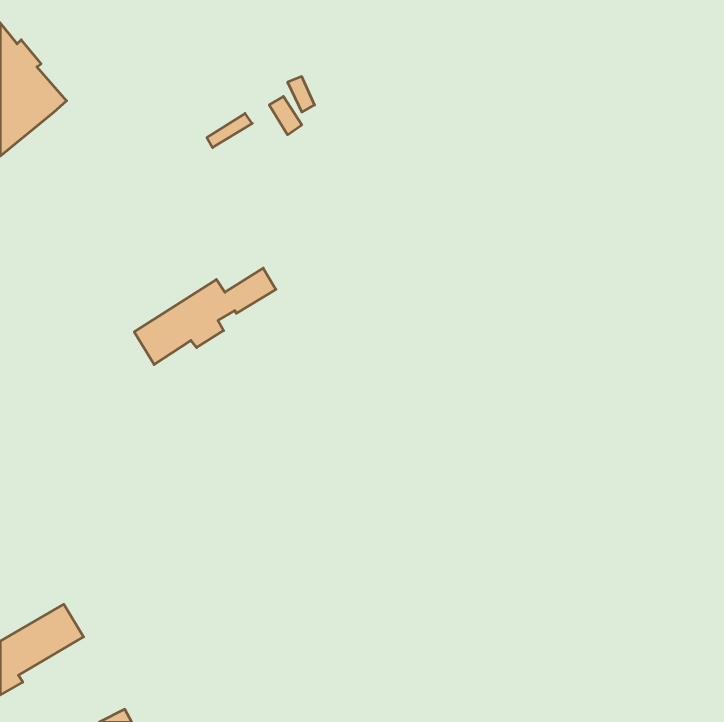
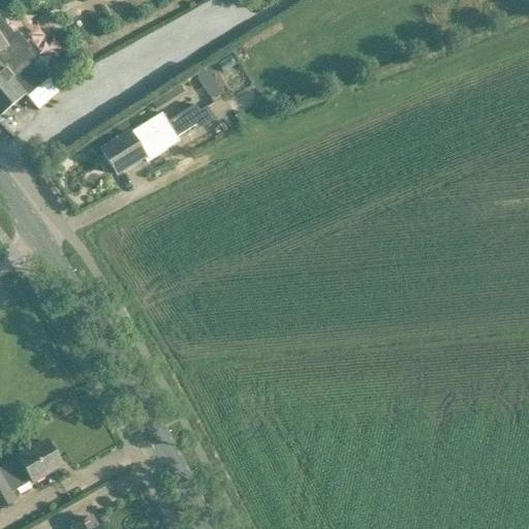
building: [134,268,276,365] -> [101,103,205,174]

